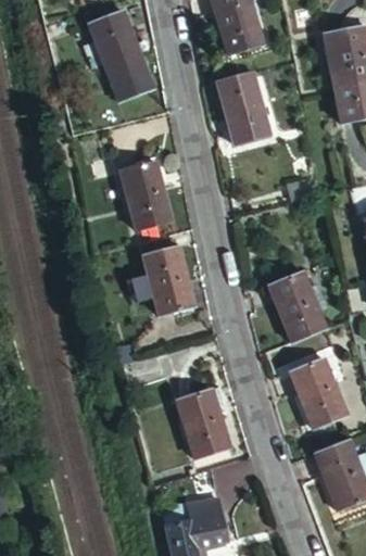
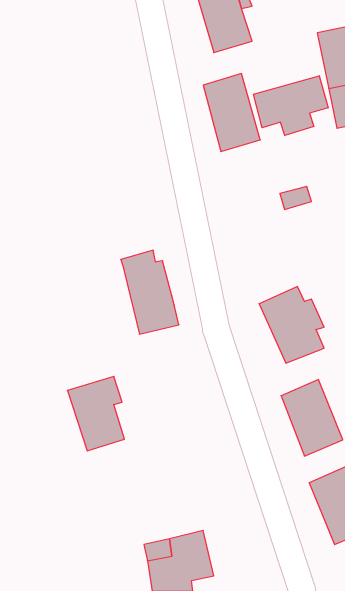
building: [81,11,153,100] -> none
building: none -> [254,76,328,135]
building: [119,162,172,229] -> none
building: [176,388,229,457] -> [67,376,124,451]

